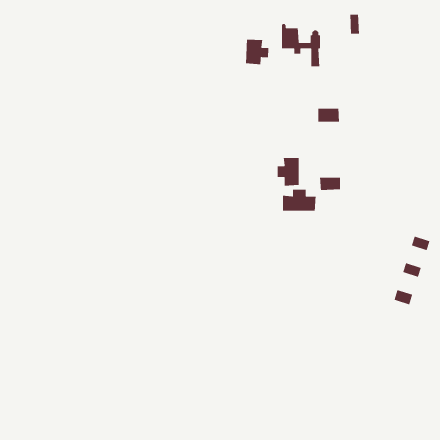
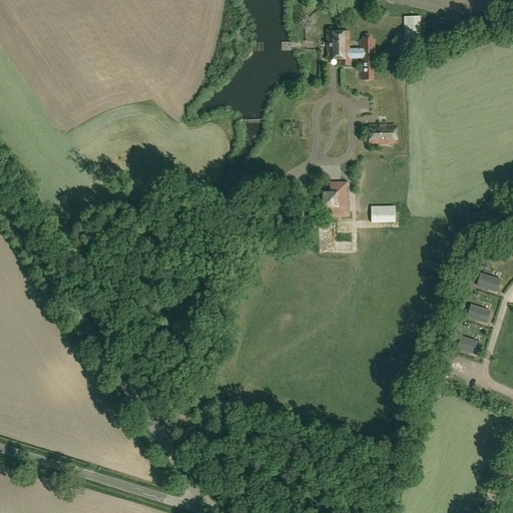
building: [245,39,269,65] -> none
building: [282,189,316,211] -> none

